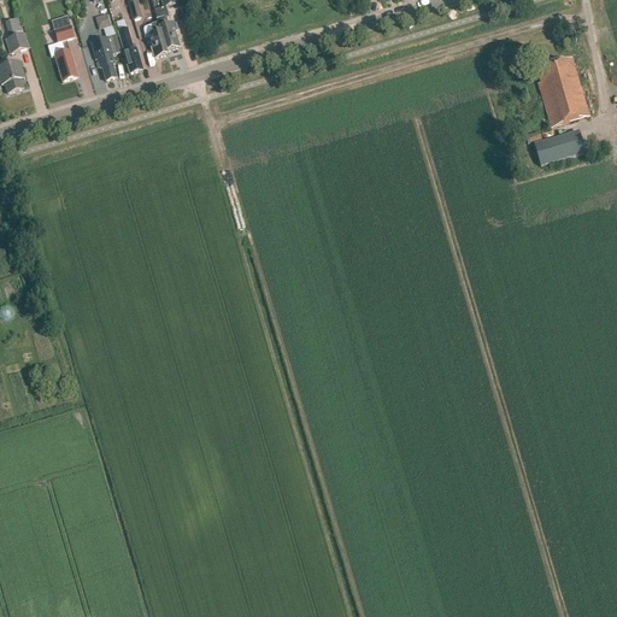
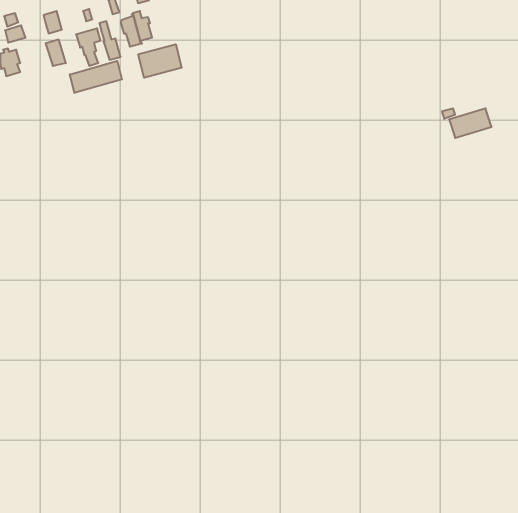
building: none -> [138,44,182,78]
building: [536,54,589,125] -> none
building: none -> [70,61,122,93]

